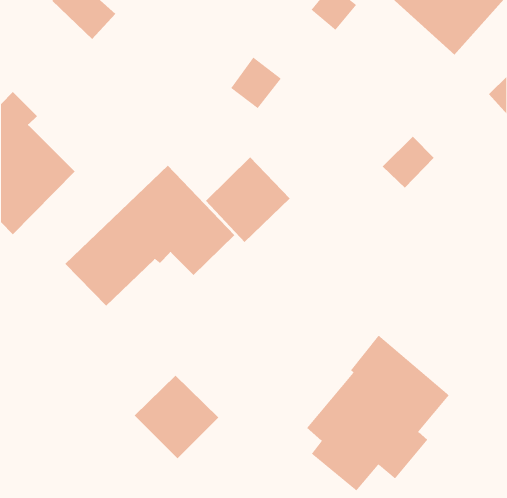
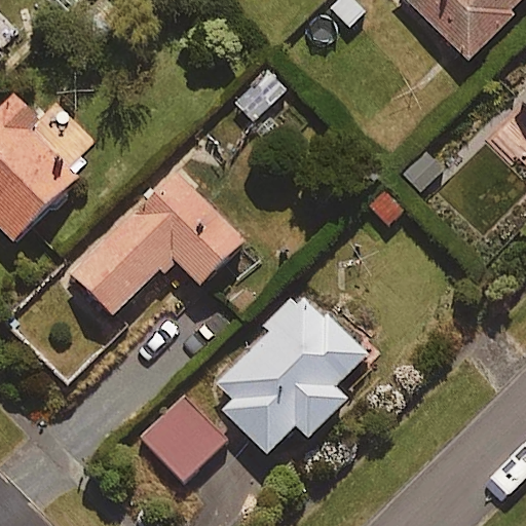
building: [205,157,290,243] -> none
building: [306,335,450,491] -> [218,290,367,452]

